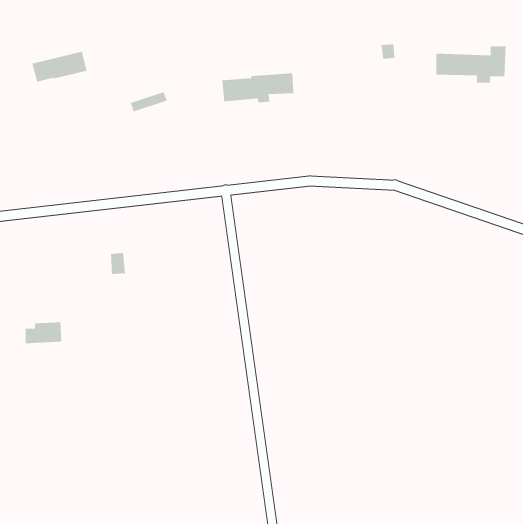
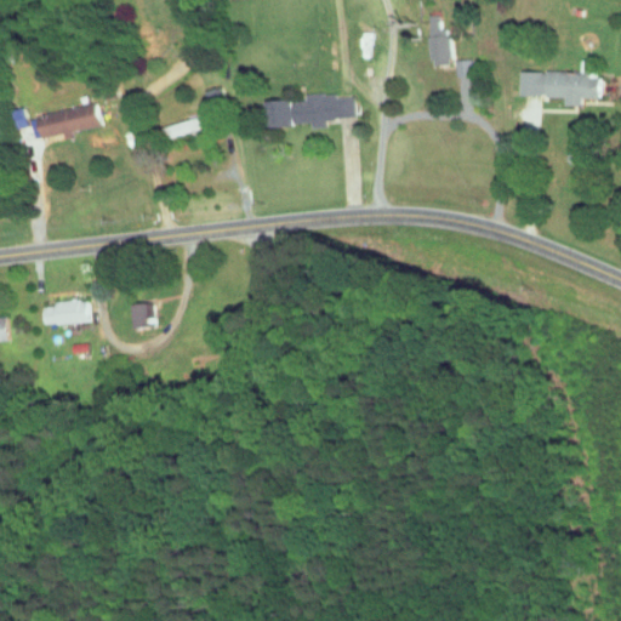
building: none -> [427,16,449,65]
building: [31,51,88,82] -> [35,103,101,139]
building: [25,322,62,344] -> [45,300,89,325]

